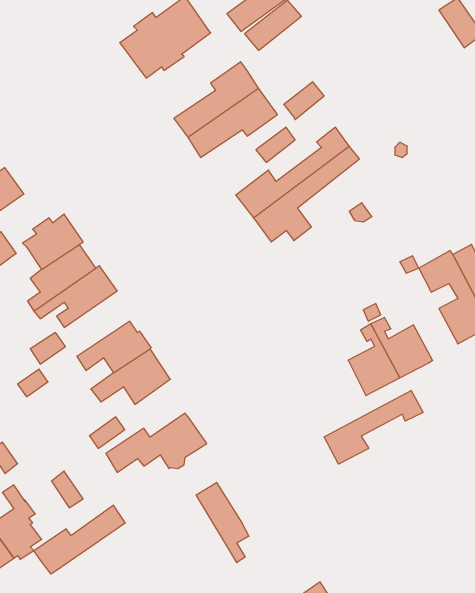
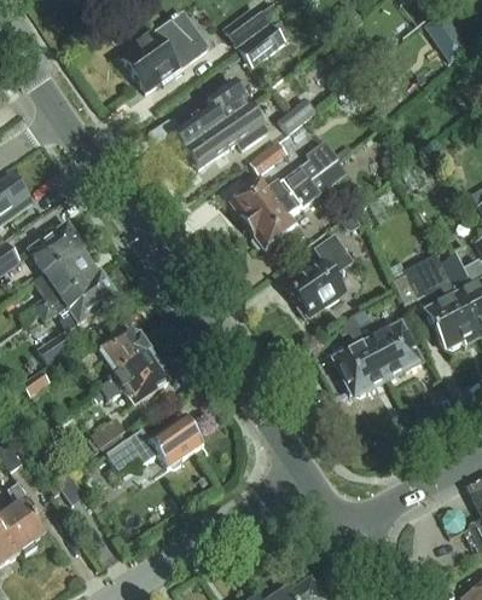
building: none -> [288,232,353,317]
building: [324,390,423,464] -> none
building: [196,482,249,563] -> none
building: [34,505,125,574] -> none

